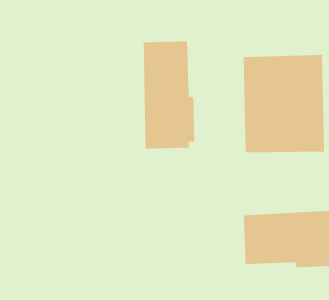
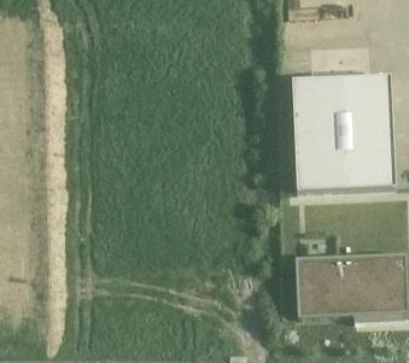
building: [143,40,195,150] -> none

